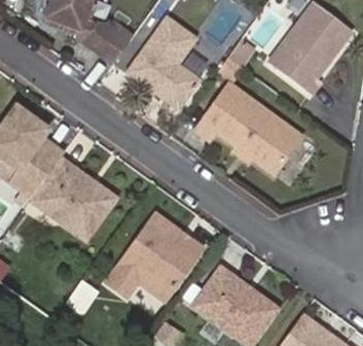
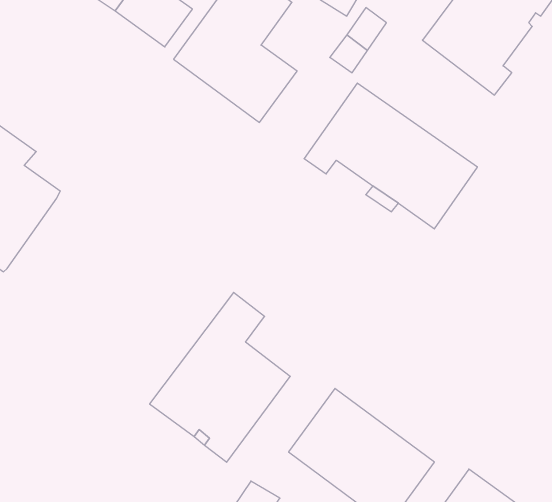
building: [23,153,108,236] -> none

